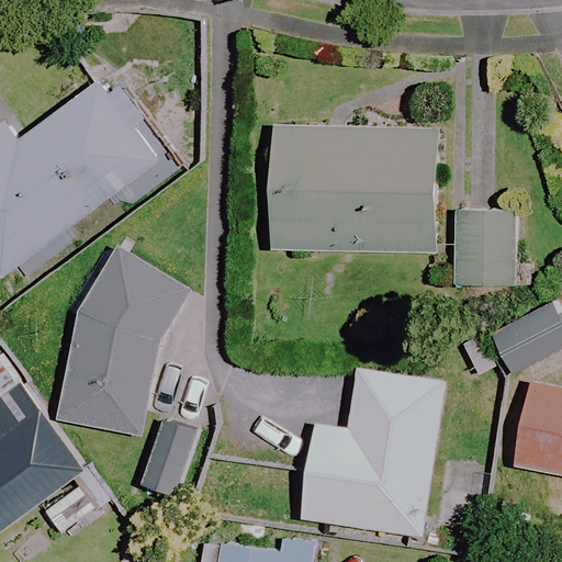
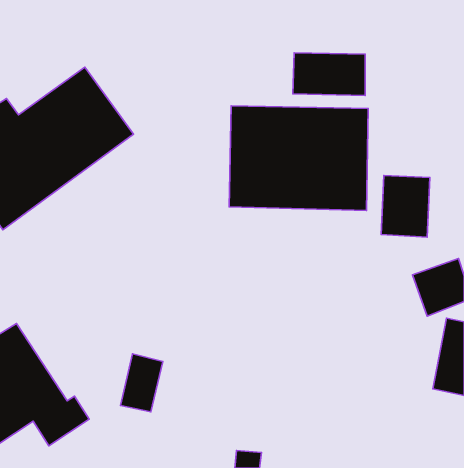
building: none -> [293,53,365,95]
building: [56,248,187,436] -> none
building: [306,369,420,527] -> none

